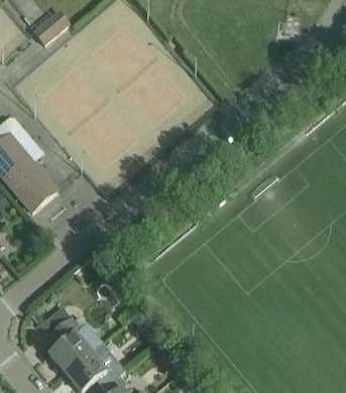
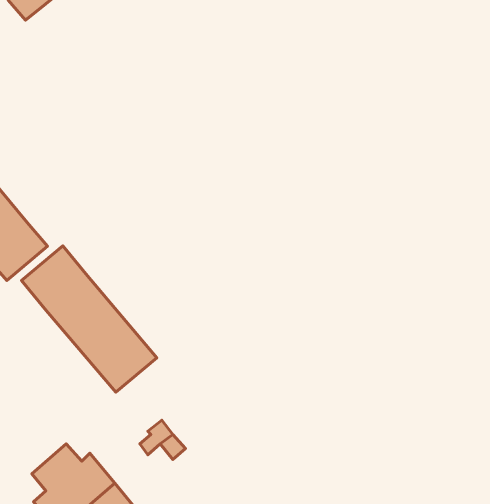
building: none -> [22,246,157,392]

